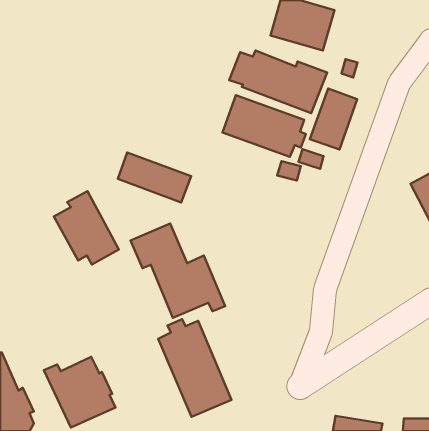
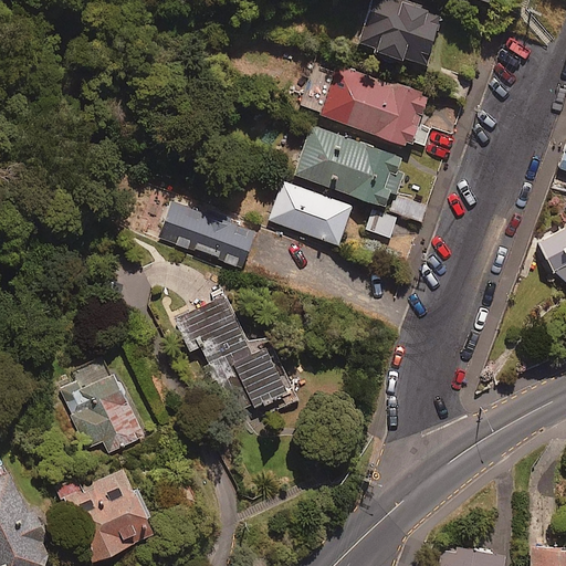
building: [310,88,357,149] -> none
building: none -> [270,181,353,244]
building: [54,191,119,265] -> [59,357,144,453]
building: [158,319,231,417] -> none

